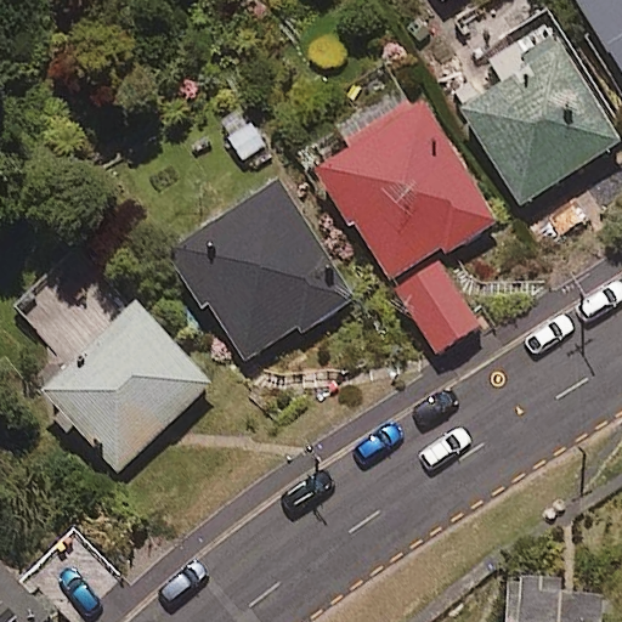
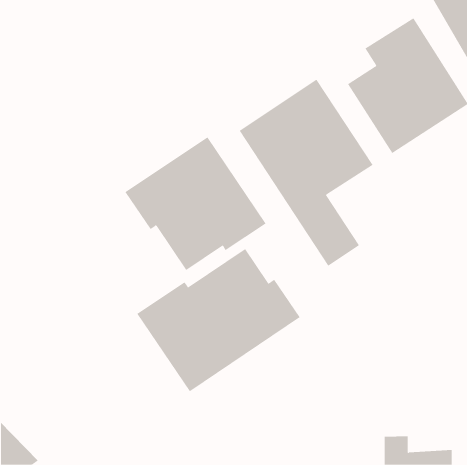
building: [16,245,209,460] -> none
building: none -> [136,248,301,392]

